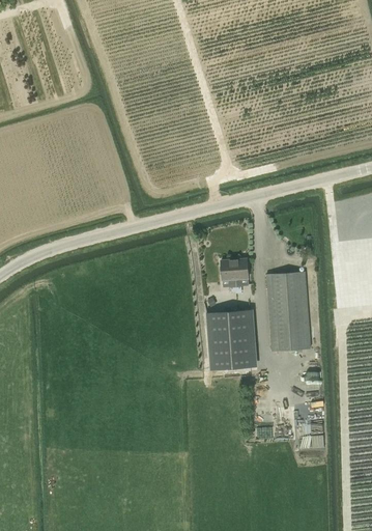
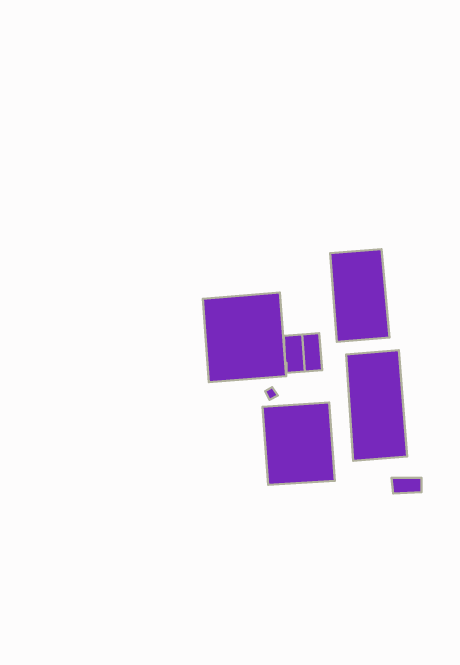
building: none -> [330,249,390,342]
building: none -> [203,292,286,382]

